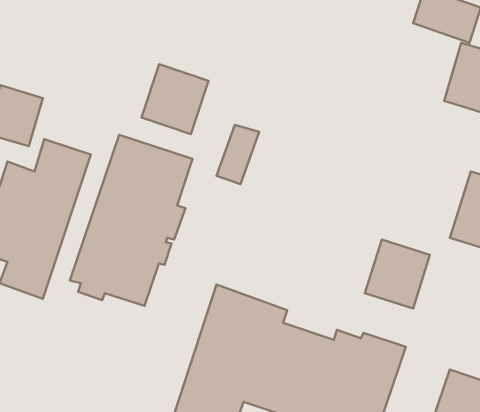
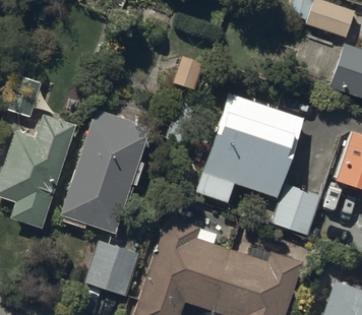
building: [142,64,208,134] -> none
building: none -> [184,93,302,203]
building: none -> [82,241,139,297]

